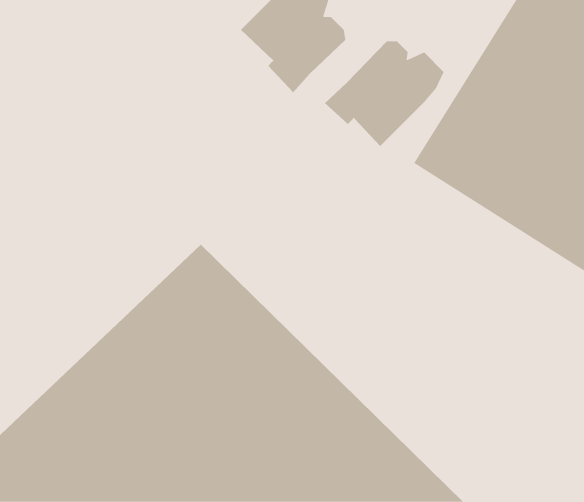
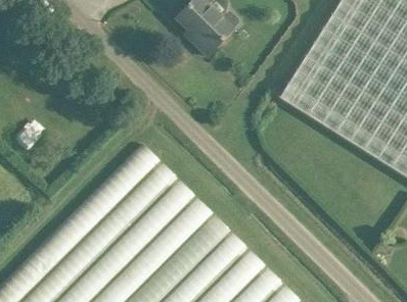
building: [324,40,445,147] -> none

